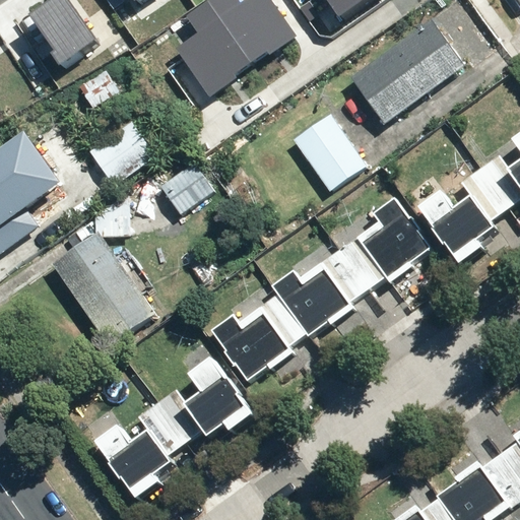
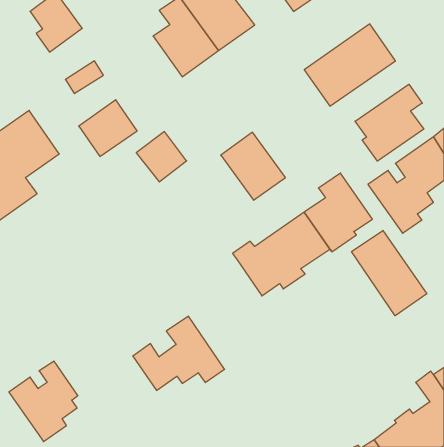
building: none -> [355,84,424,161]
building: [289,112,364,190] -> [221,132,285,200]
building: [54,229,157,344] -> none
building: none -> [352,230,427,316]
building: [206,299,301,387] -> none
building: [99,410,178,503] -> [9,361,78,442]

